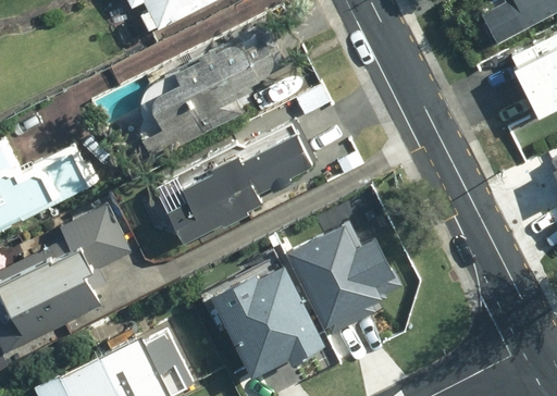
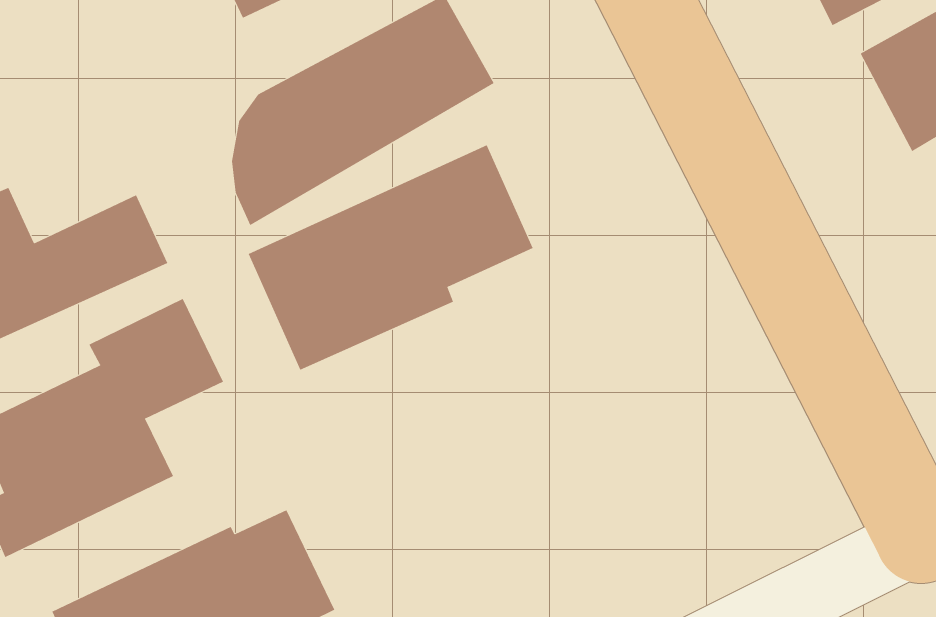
building: [288,221,400,332] -> none
building: [212,260,329,371] -> none

